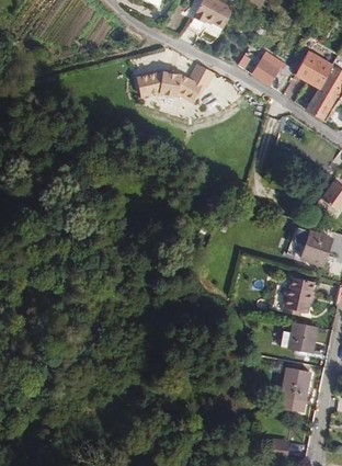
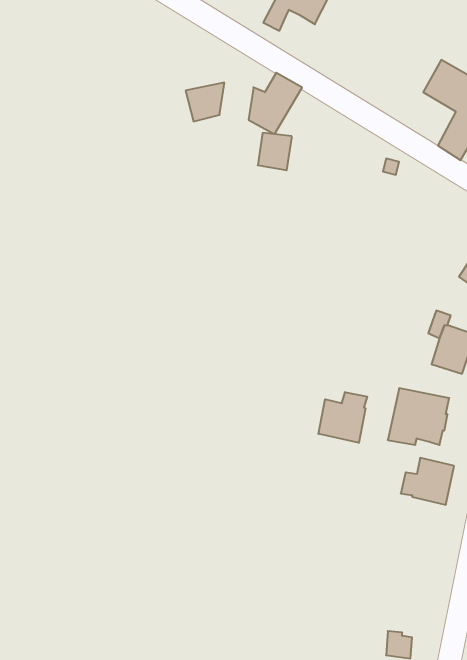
building: [238,49,285,86] -> none
building: [158,67,181,92] -> [258,133,292,170]
building: none -> [318,392,367,443]
building: [281,366,310,400] -> none

